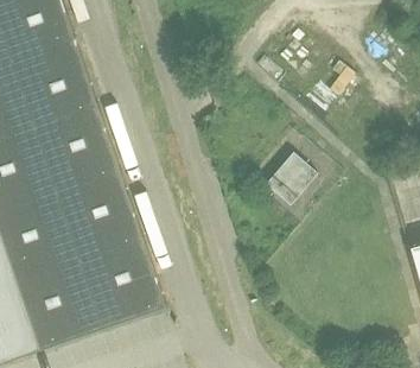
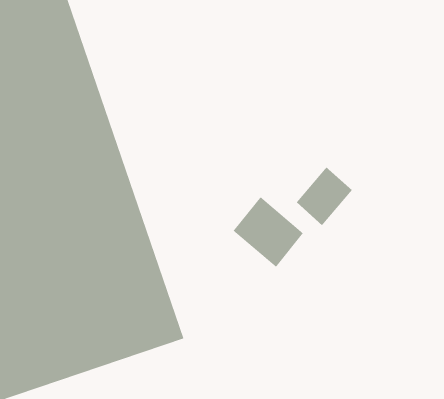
building: none -> [233,196,304,268]

